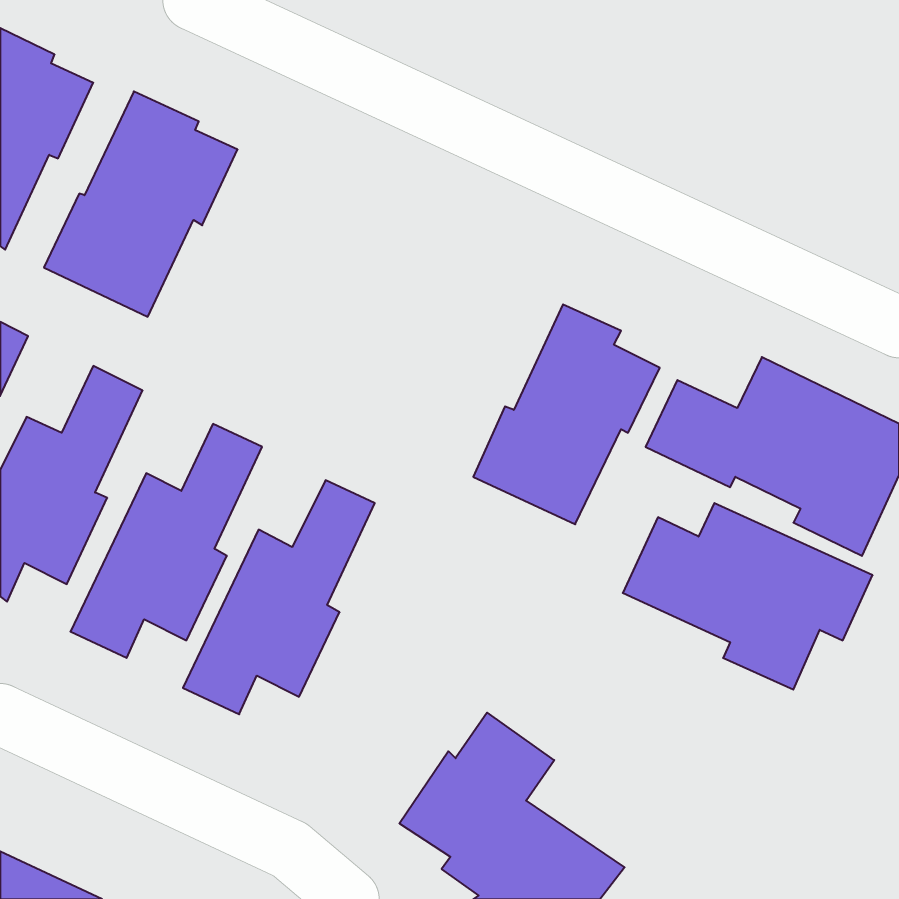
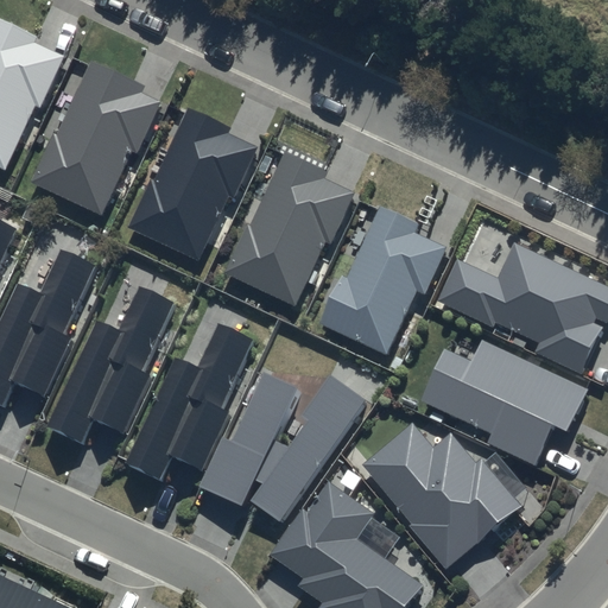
building: none -> [128,107,258,259]
building: none -> [224,153,354,305]
building: none -> [200,373,365,522]
building: none -> [362,423,521,570]

